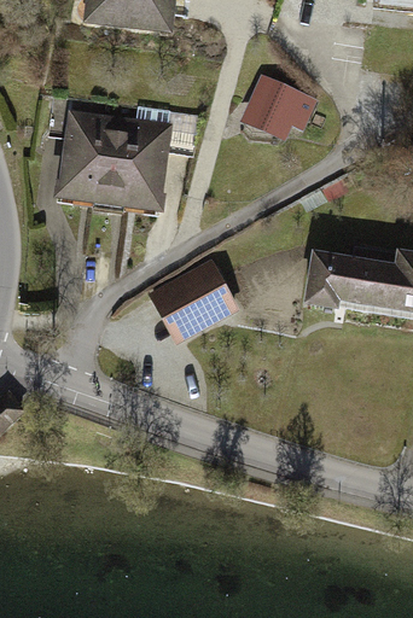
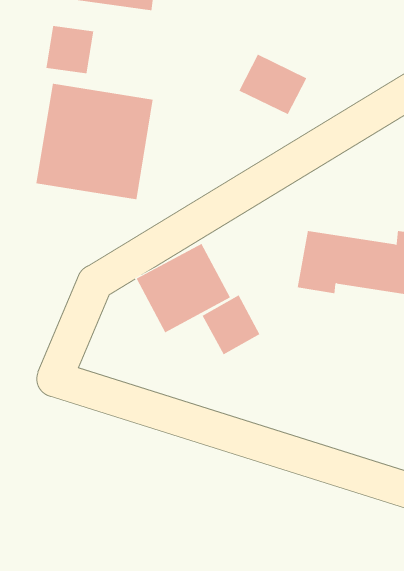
building: none -> [46,25,94,74]
building: none -> [202,295,260,355]

